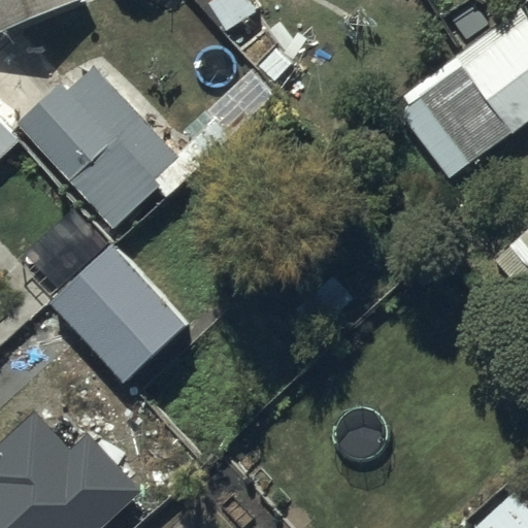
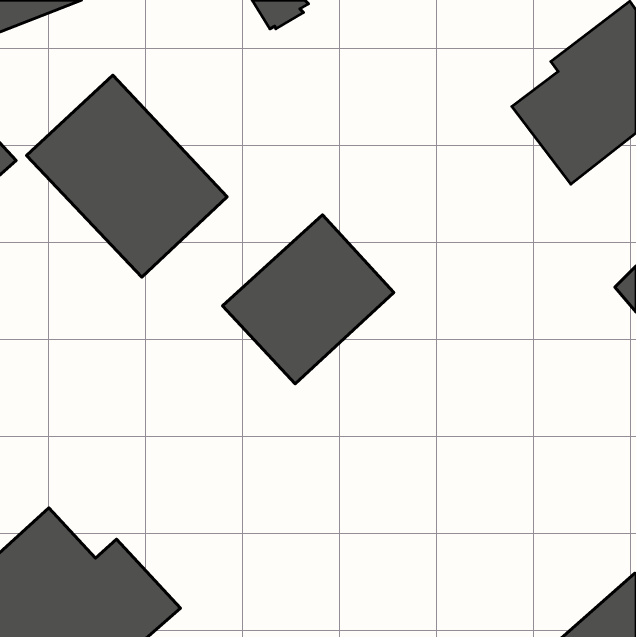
building: none -> [223,215,394,384]
building: [42,238,192,386] -> none

